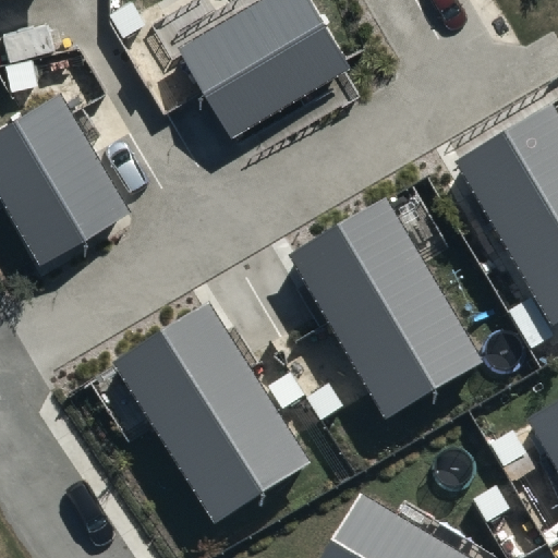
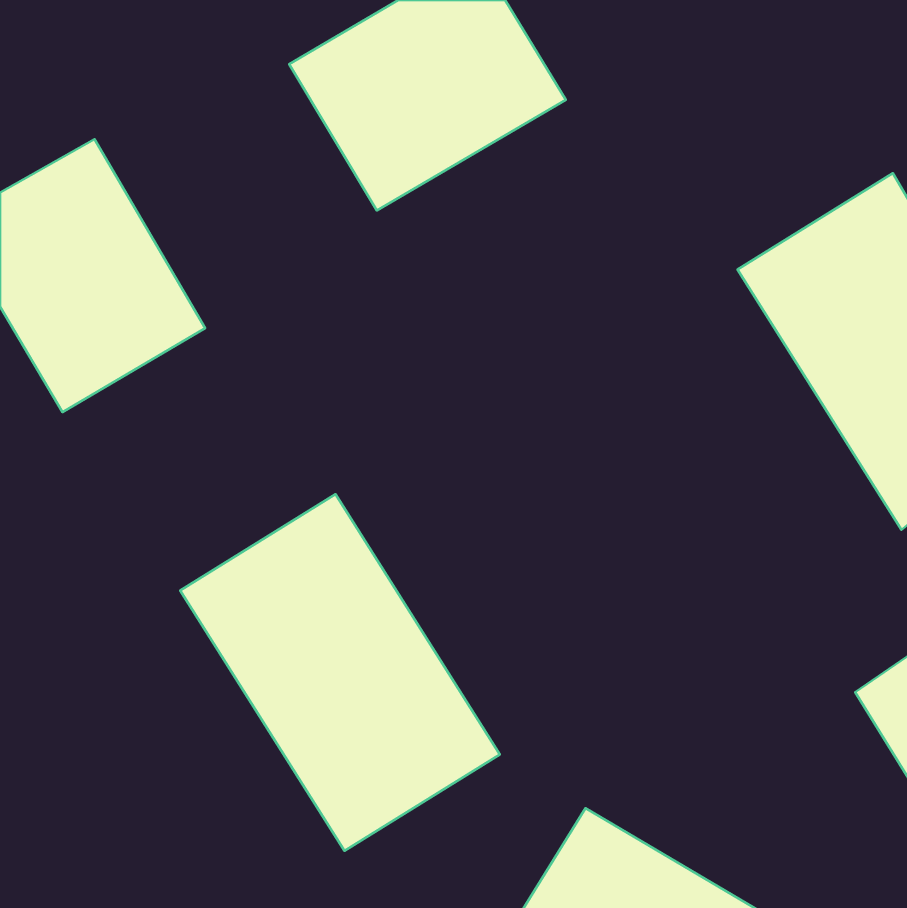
building: [288,201,483,418] -> none

